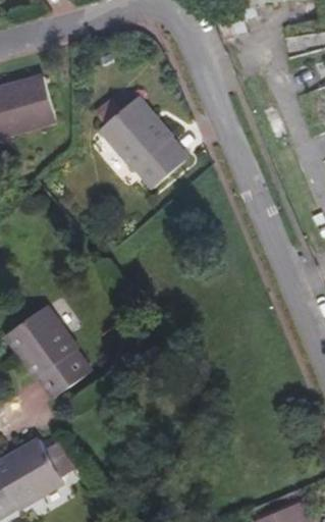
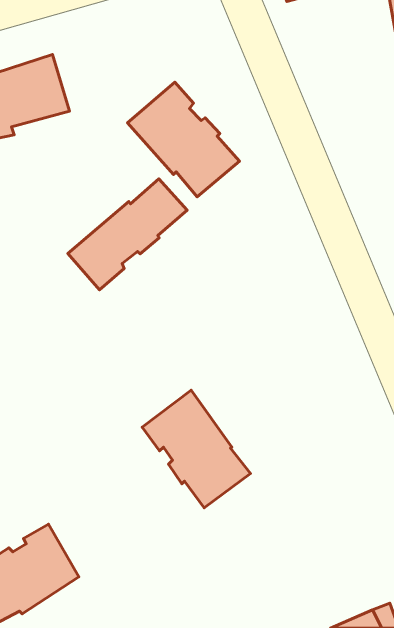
building: none -> [68,179,187,290]
building: [7,305,91,396] -> [142,390,250,508]

